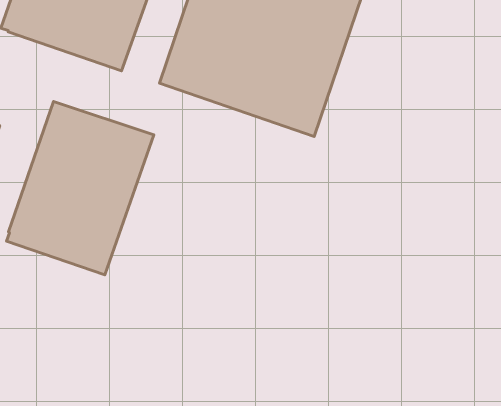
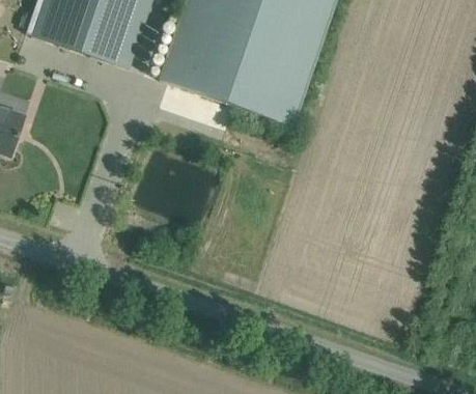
building: [6,101,154,275] -> none

